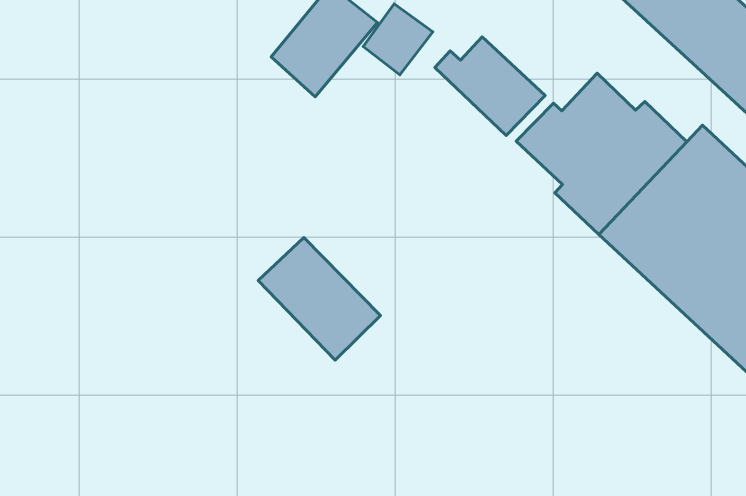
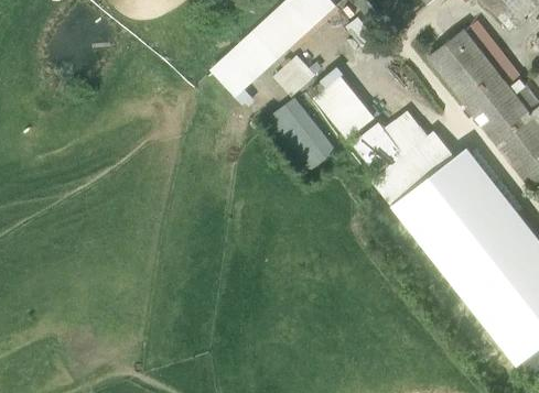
building: [258,237,381,360] -> [265,96,336,174]

